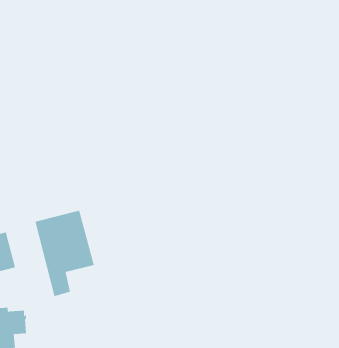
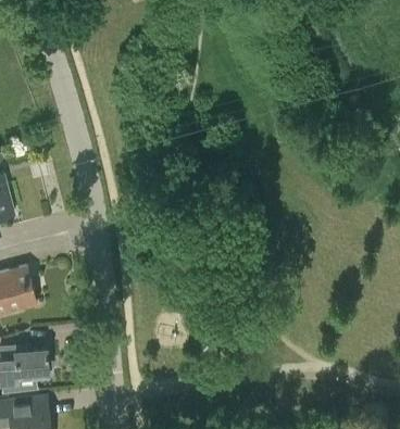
building: [35,210,95,297] -> none

